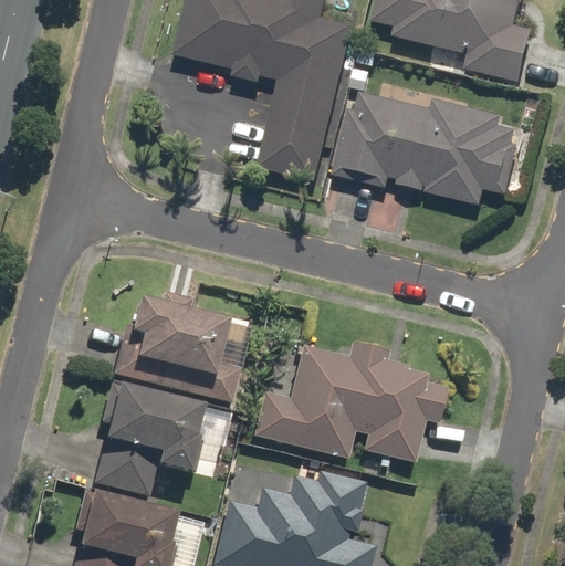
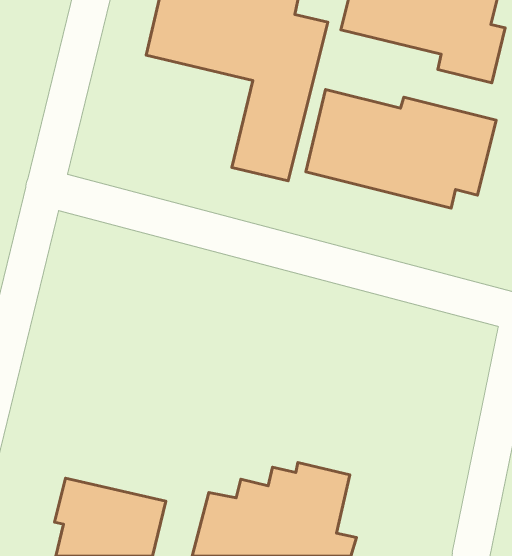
building: [115,287,244,400] -> none
building: [255,337,452,460] -> none
building: [96,376,215,494] -> none

